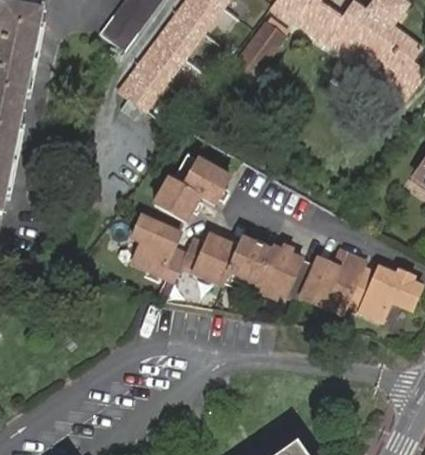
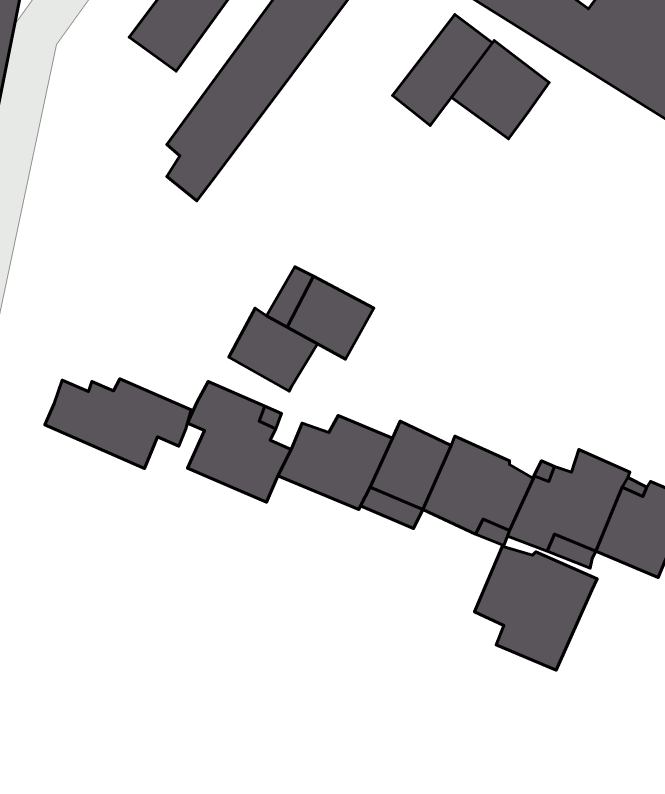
building: none -> [451,41,549,139]
building: none -> [45,379,191,469]
building: none -> [475,545,597,670]

